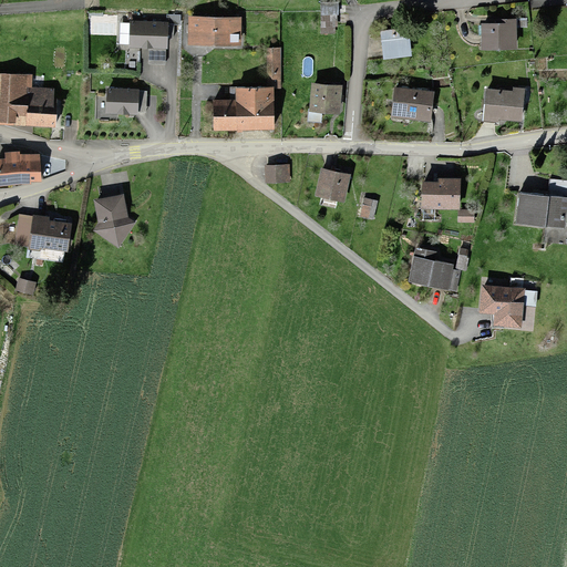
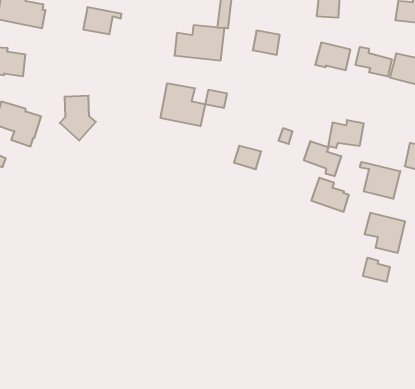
building: none -> [356,47,392,77]
building: none -> [160,83,205,126]
building: [316,172,347,197] -> [234,146,261,169]
building: none -> [304,141,341,176]
building: none -> [360,162,400,199]
building: none -> [363,258,390,282]

